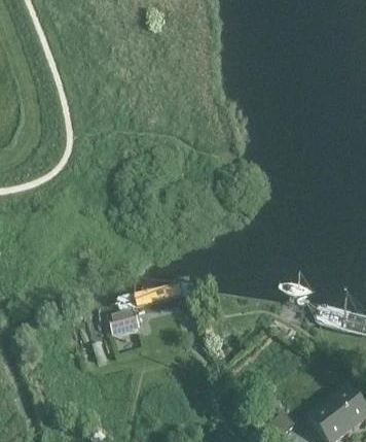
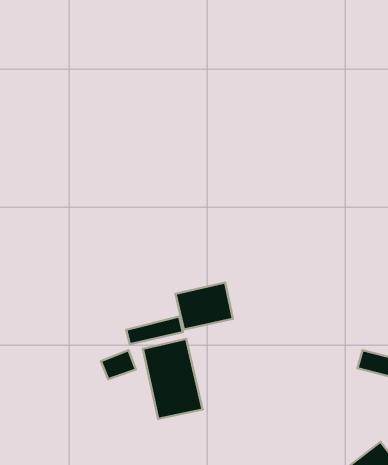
building: none -> [176,283,233,329]
building: none -> [143,339,203,419]

